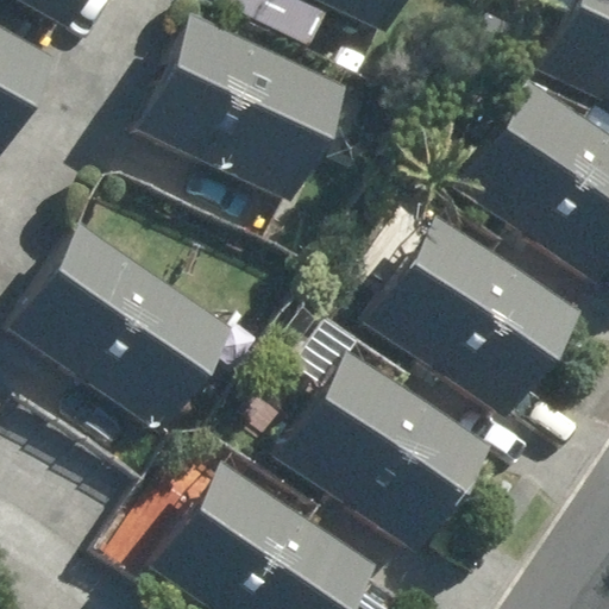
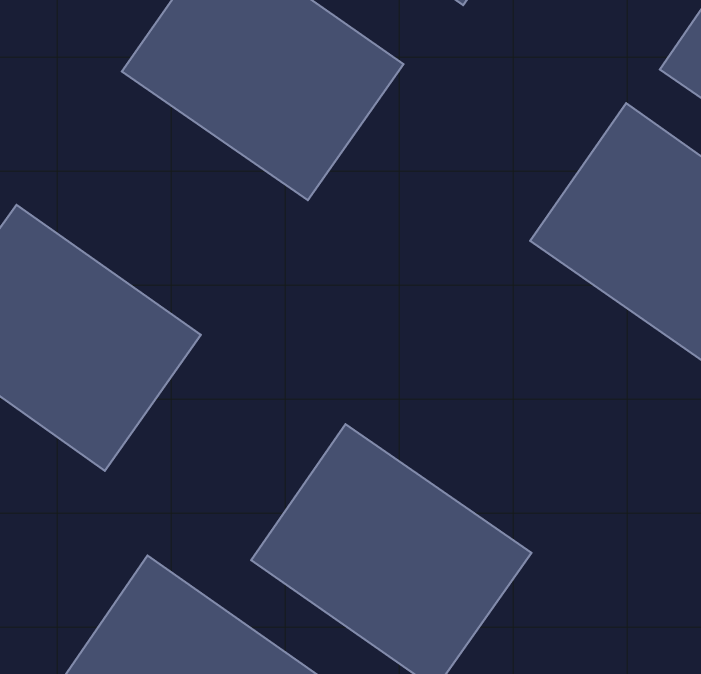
building: [354,211,561,397] -> none

